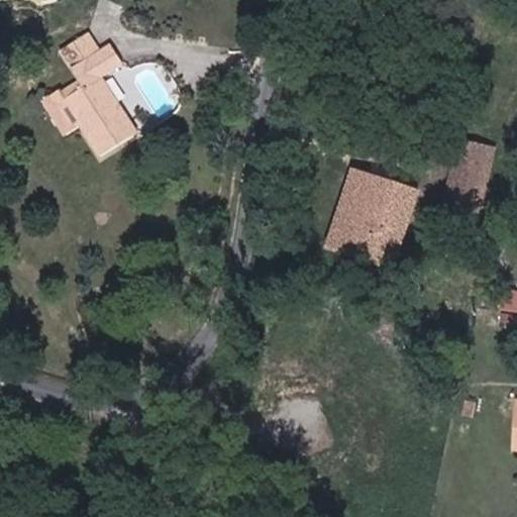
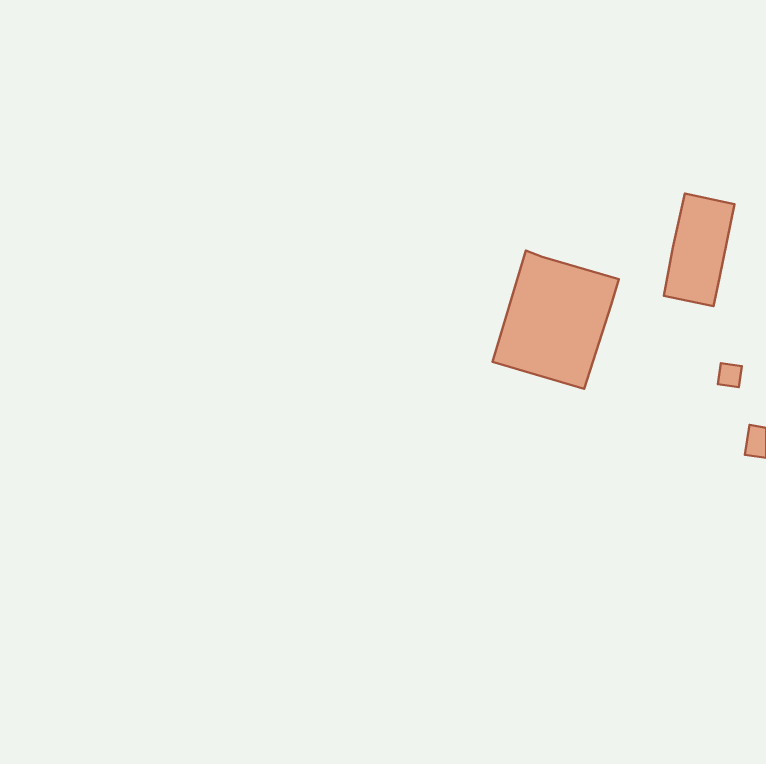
building: [57,27,122,153] -> none

